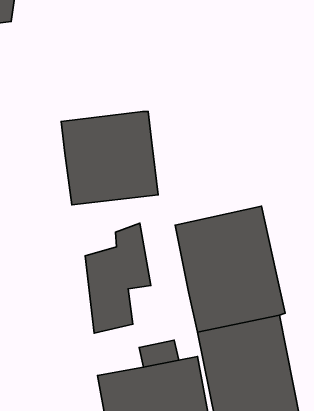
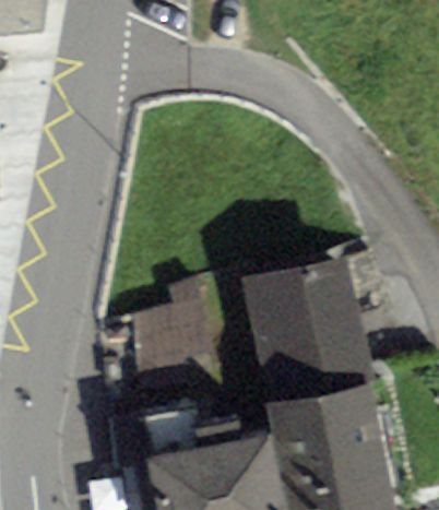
building: [61,111,158,205] -> none

